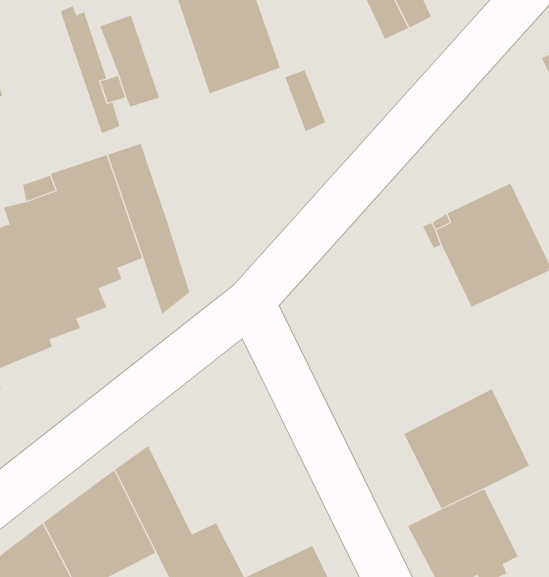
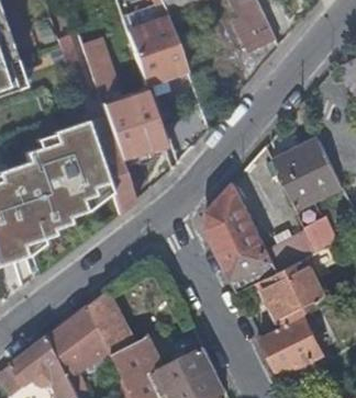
building: none -> [102,89,166,159]
building: none -> [207,182,318,293]

